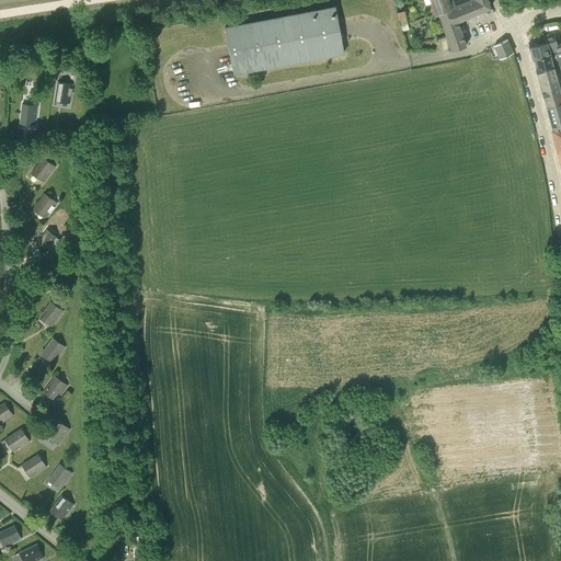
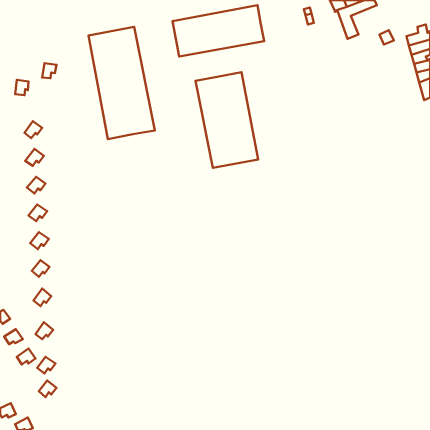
building: none -> [88,27,155,139]
building: none -> [195,72,258,168]

